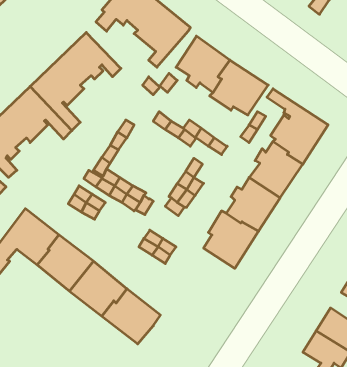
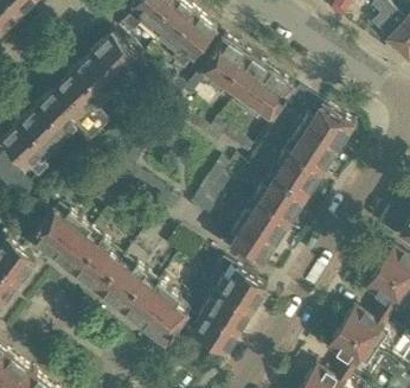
building: none -> [179,260,265,355]

